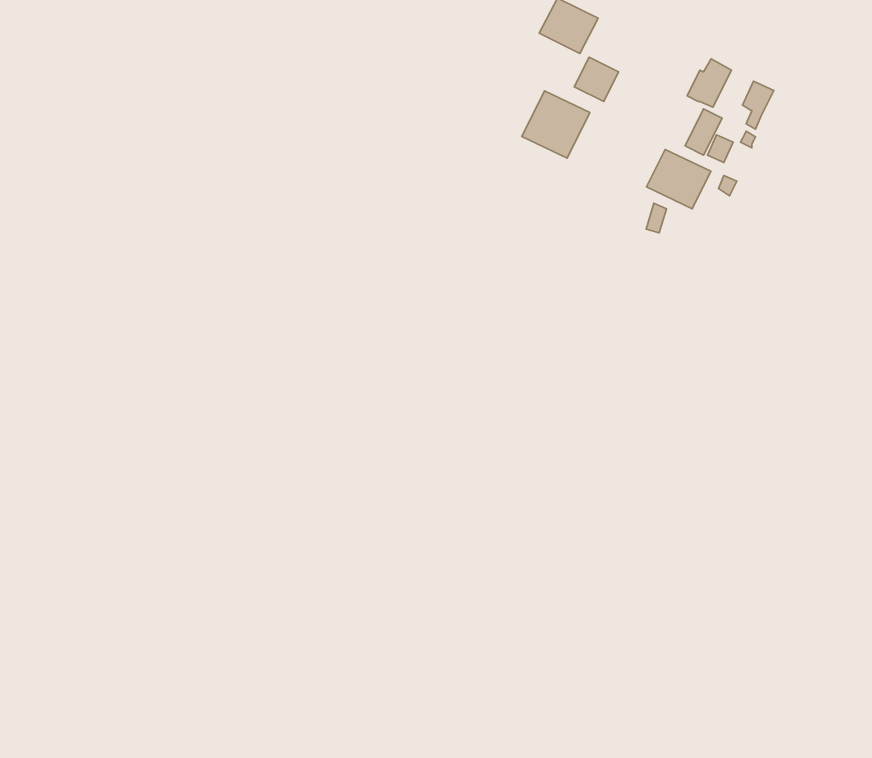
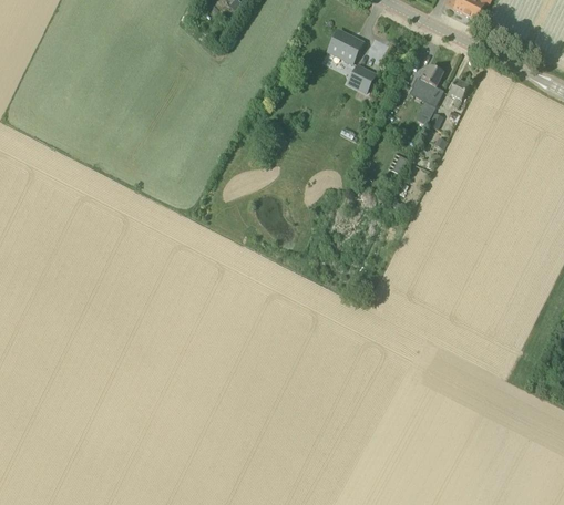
building: [522,91,590,158] -> none
building: [646,149,711,209] -> none

